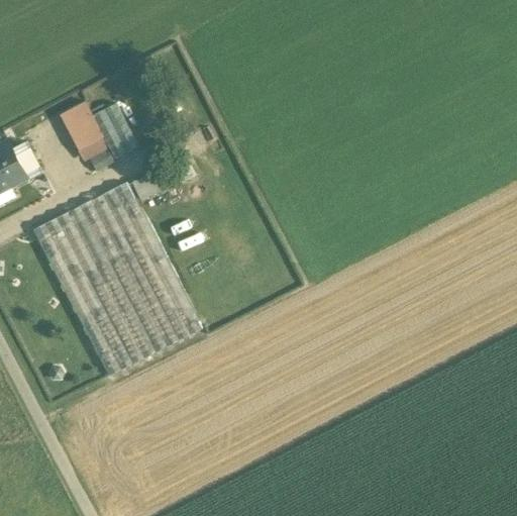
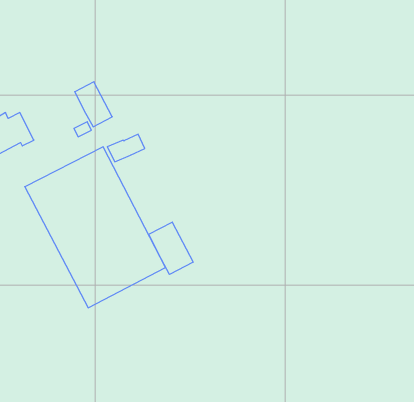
building: [61,101,104,149] -> none
building: none -> [149,222,193,274]

